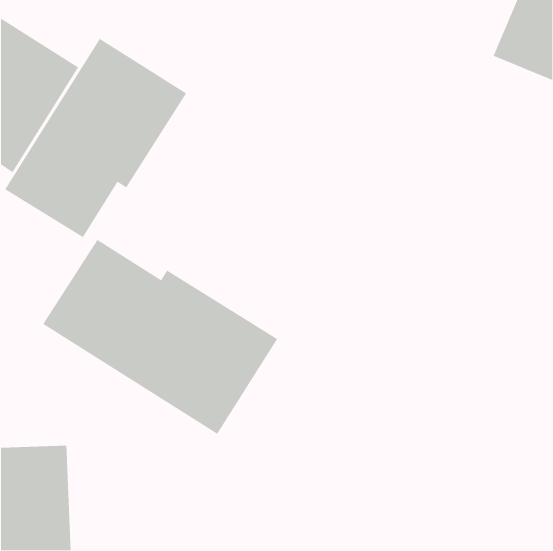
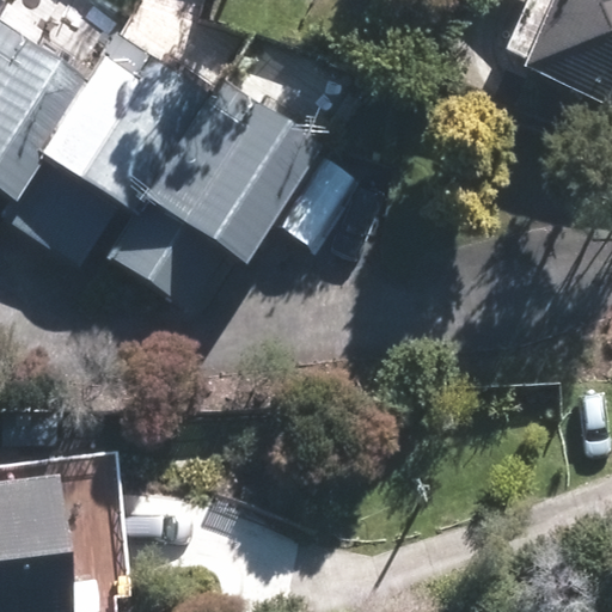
building: none -> [121,76,329,300]
building: [42,239,278,435] -> none

